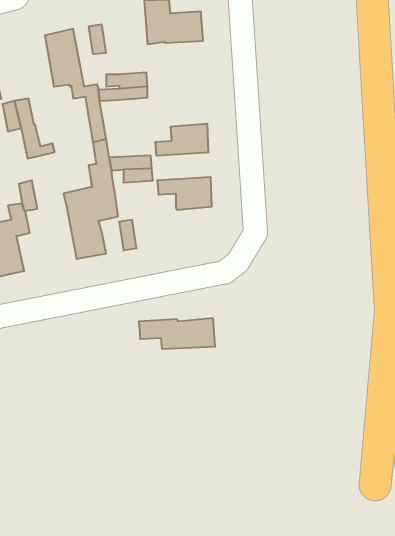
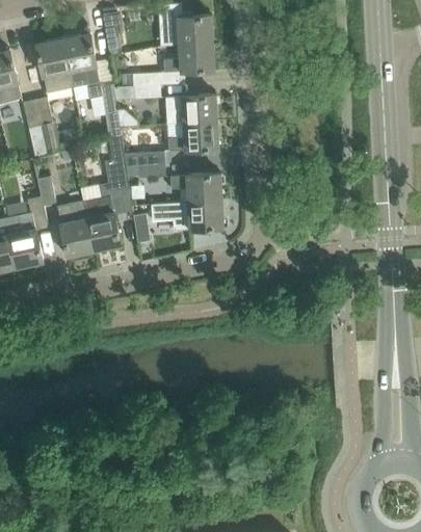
building: none -> [35,38,71,94]
building: none -> [163,44,214,74]
building: none -> [165,95,217,126]
building: none -> [56,203,93,258]
building: [139,318,215,349] -> [151,202,223,231]

